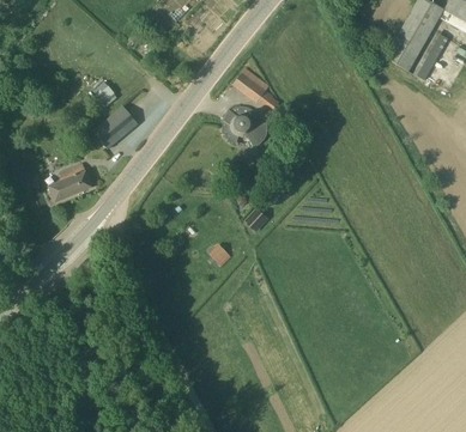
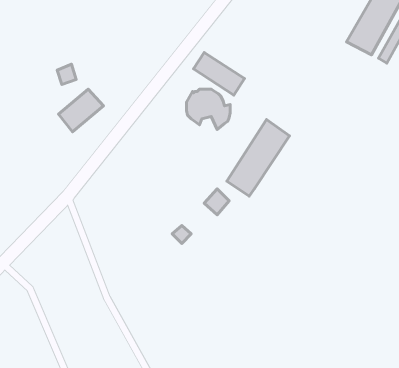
building: none -> [227,119,290,196]
building: [47,162,91,202] -> none

